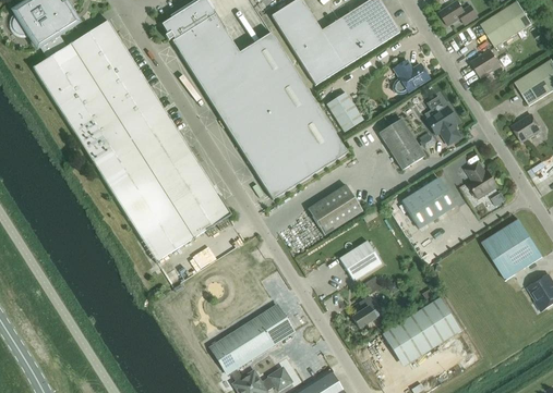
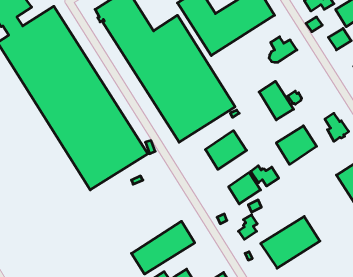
building: [326,91,362,132] -> none
building: [425,106,459,144] -> none
building: none -> [251,166,279,186]

